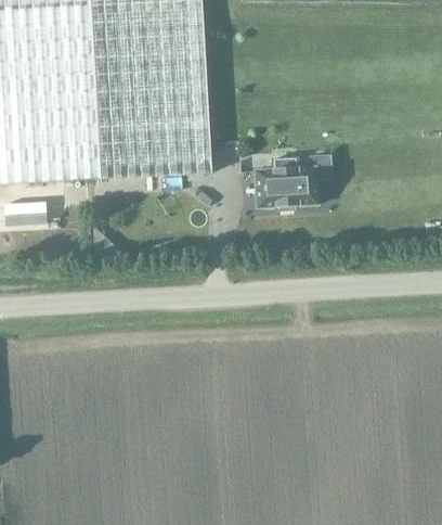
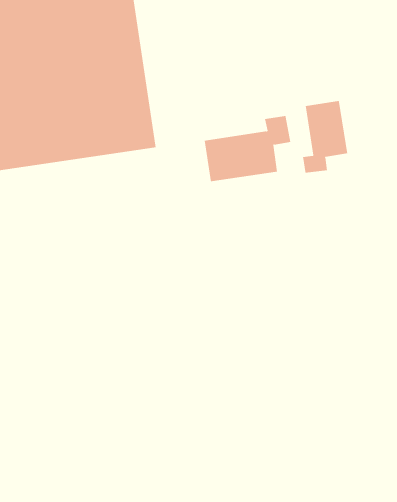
building: none -> [303,100,348,174]

